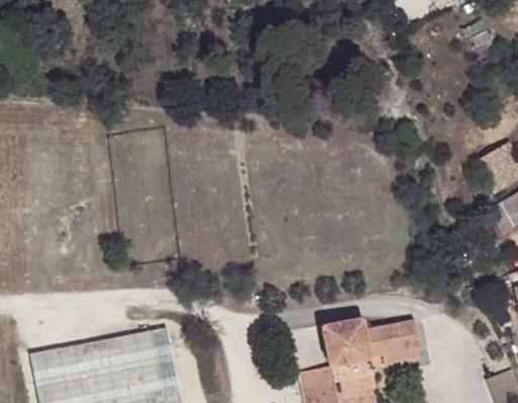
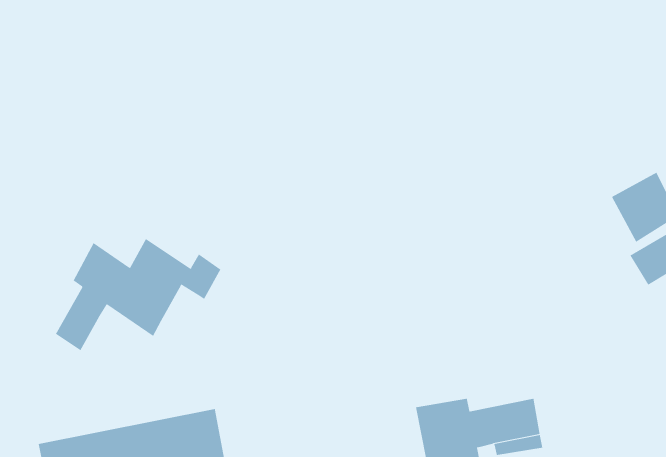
building: none -> [55,238,221,351]

